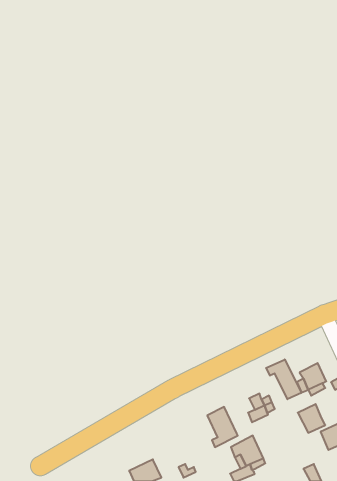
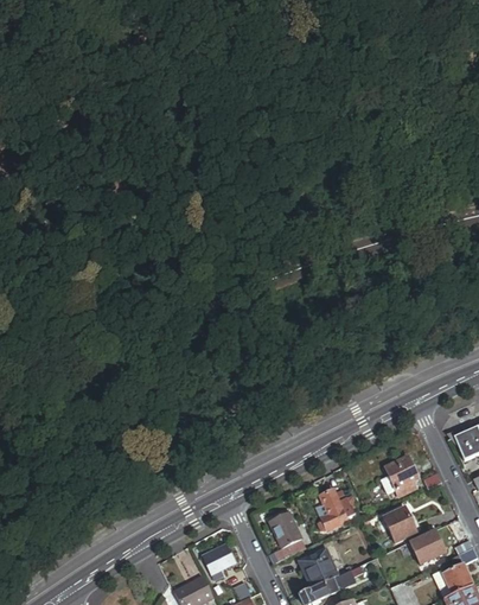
building: [266,359,301,399] -> none
building: none -> [200,542,234,572]

